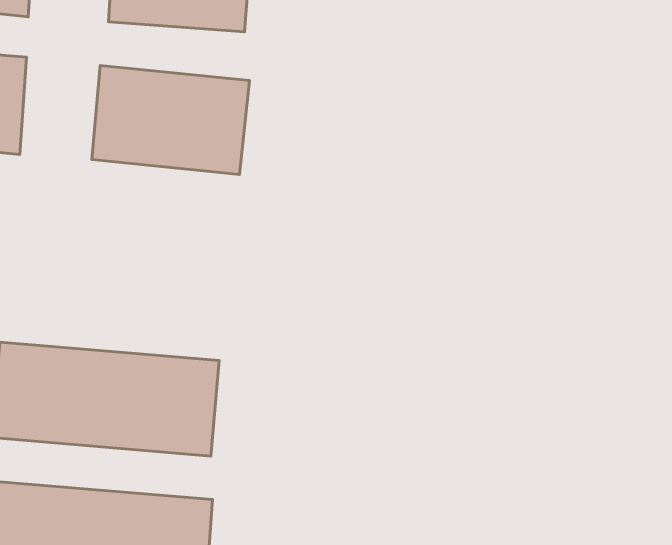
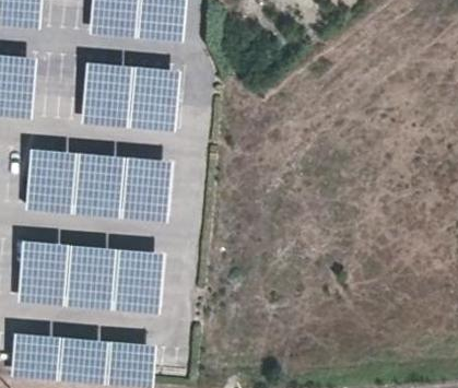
building: none -> [24,149,172,223]

